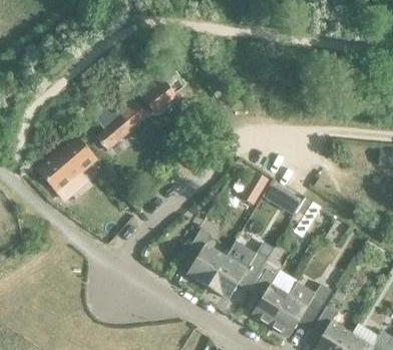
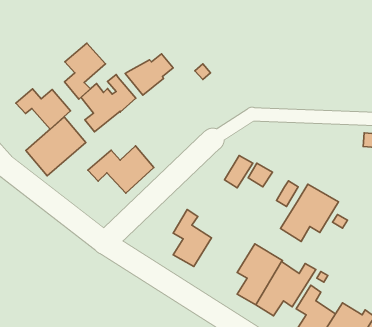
building: none -> [64,43,105,99]
building: none -> [16,89,71,129]
building: none -> [88,146,154,193]
building: [209,242,268,300] -> [280,184,338,241]

